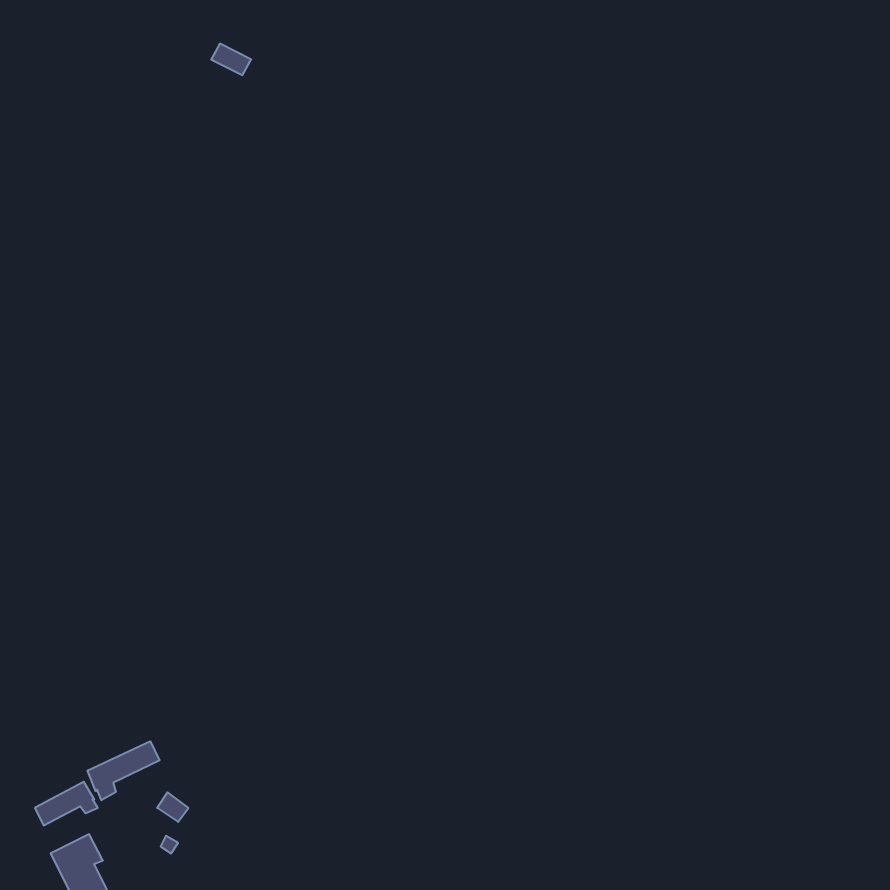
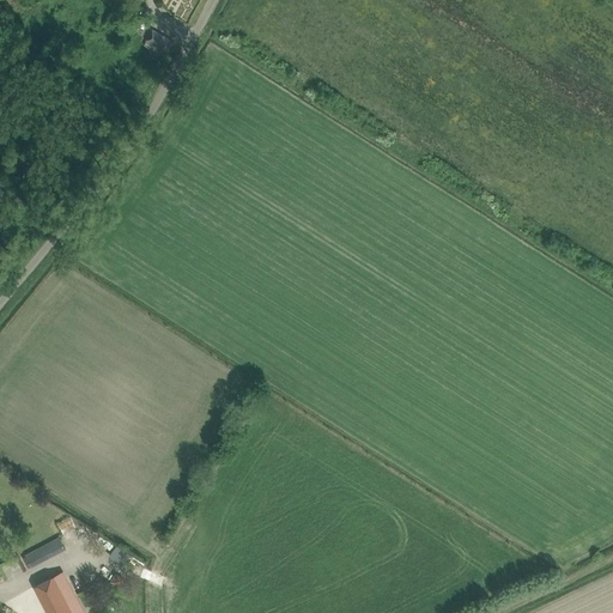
building: [88,741,160,800] -> none

